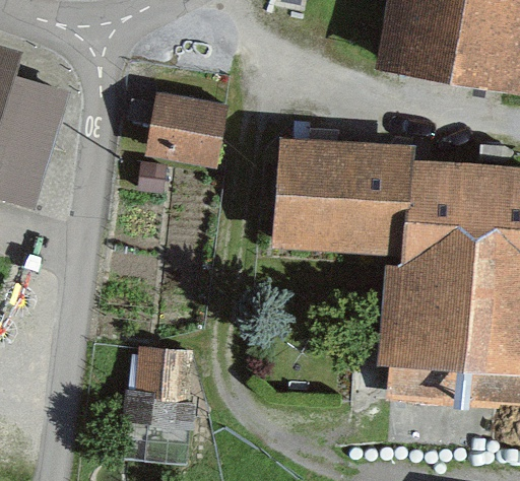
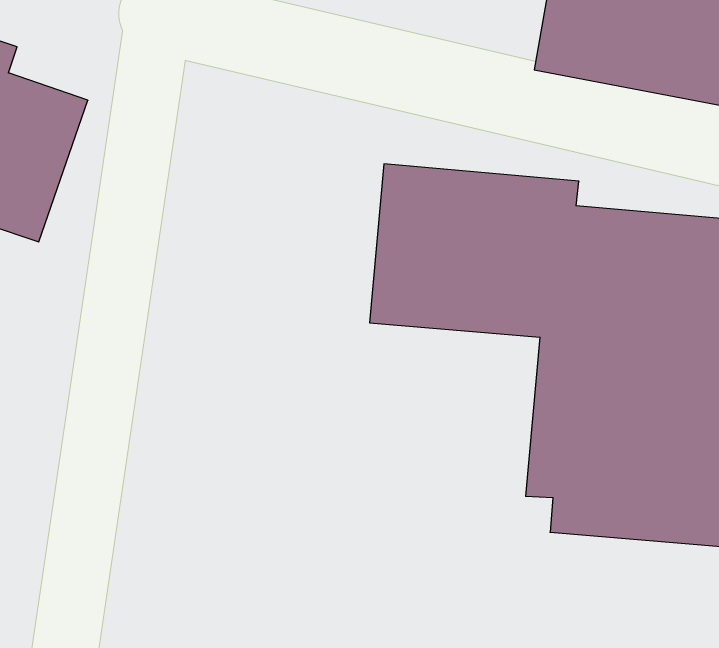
building: [149,91,226,166] -> none
building: [131,337,198,444] -> none

